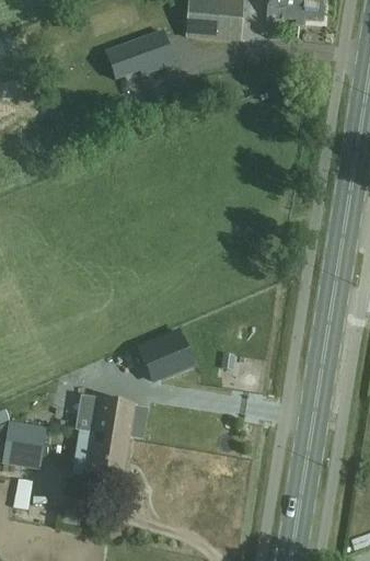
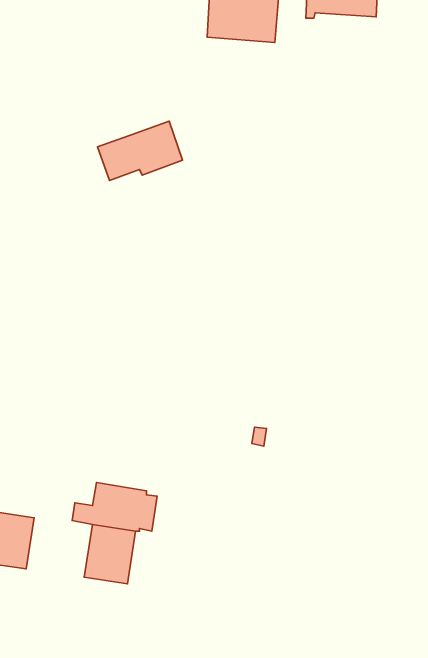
building: [104,30,173,78] -> [97,121,183,180]
building: [138,330,192,378] -> none

